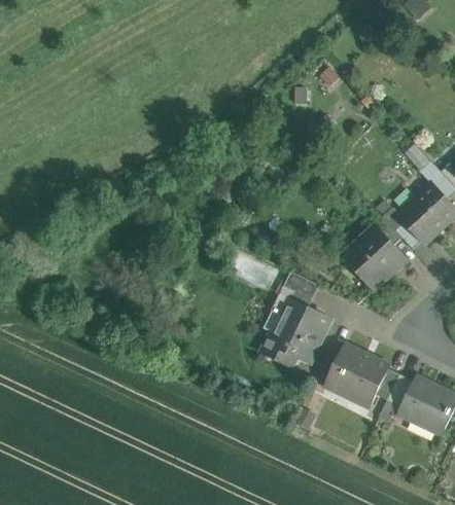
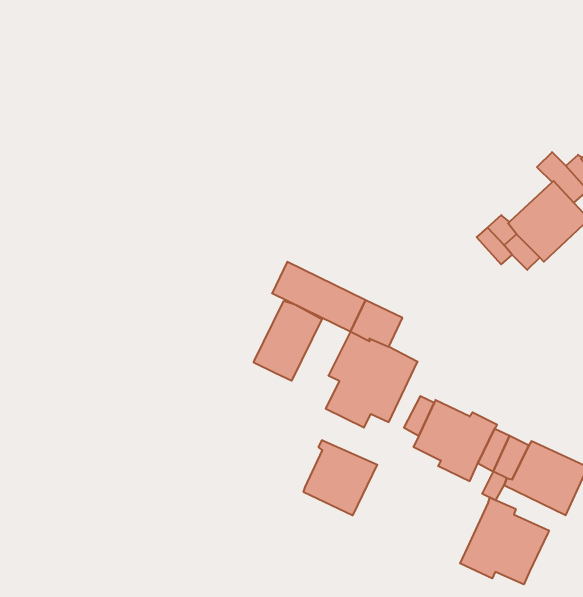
building: [345,229,402,288] -> none
building: none -> [254,301,322,381]
building: none -> [304,440,377,515]
building: none -> [460,498,549,584]

